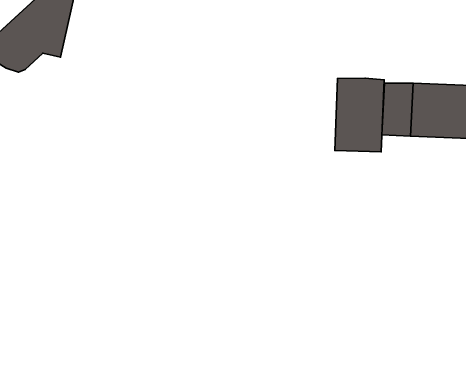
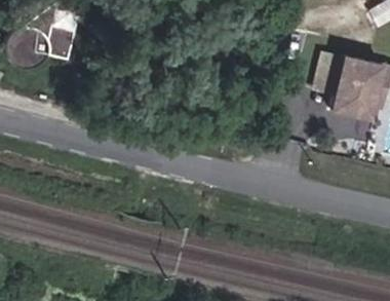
building: [335,78,384,152] -> none

